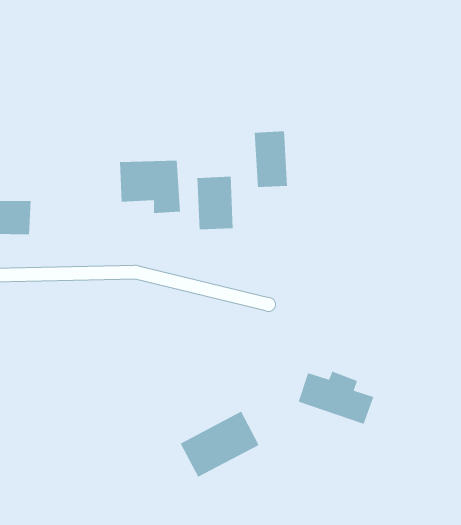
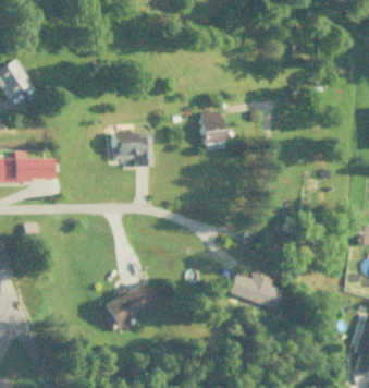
building: [197,176,233,230] -> none
building: [180,411,260,478] -> [104,281,158,326]

